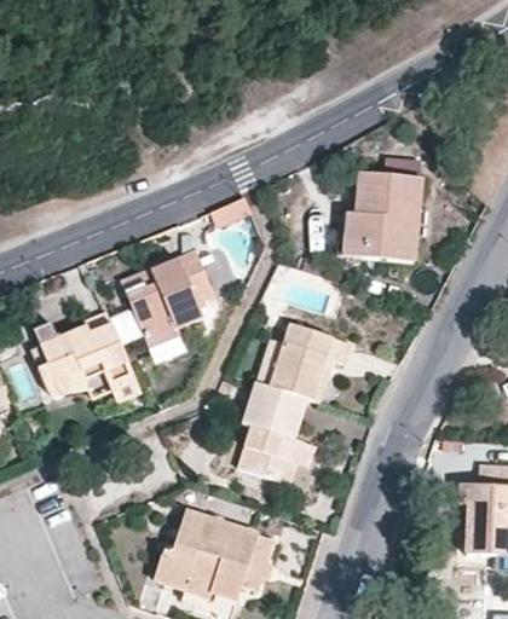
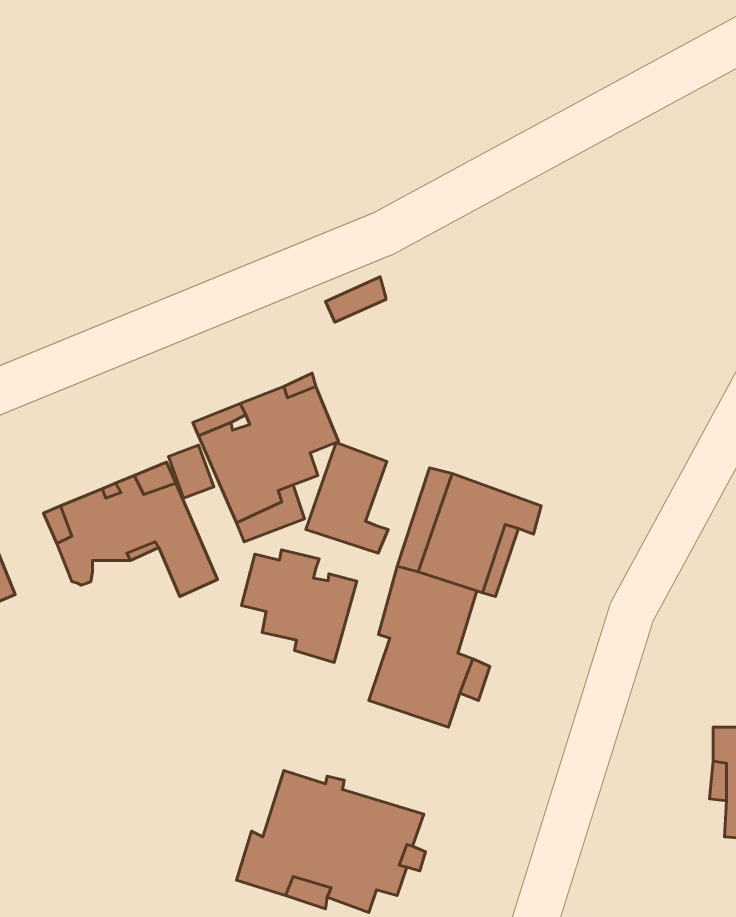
building: [339,172,425,261] -> none
building: none -> [306,442,388,553]
building: none -> [241,550,357,663]

